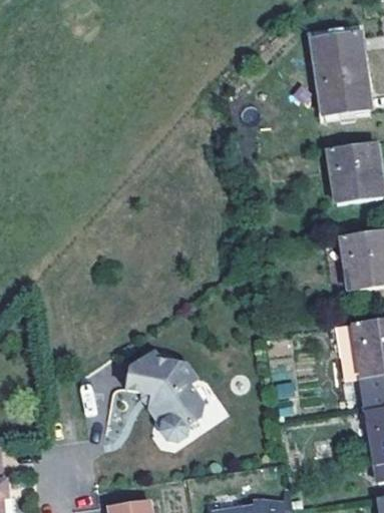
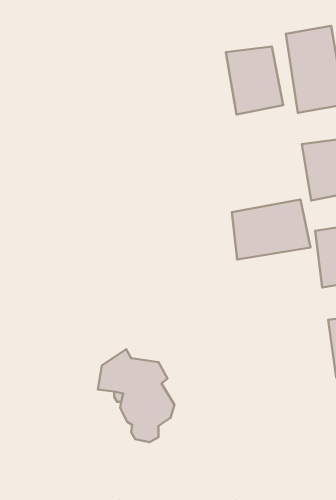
building: none -> [226,46,283,115]
building: none -> [232,199,310,259]

